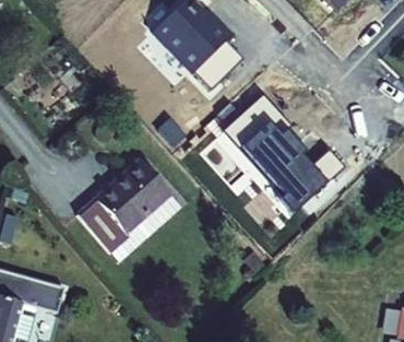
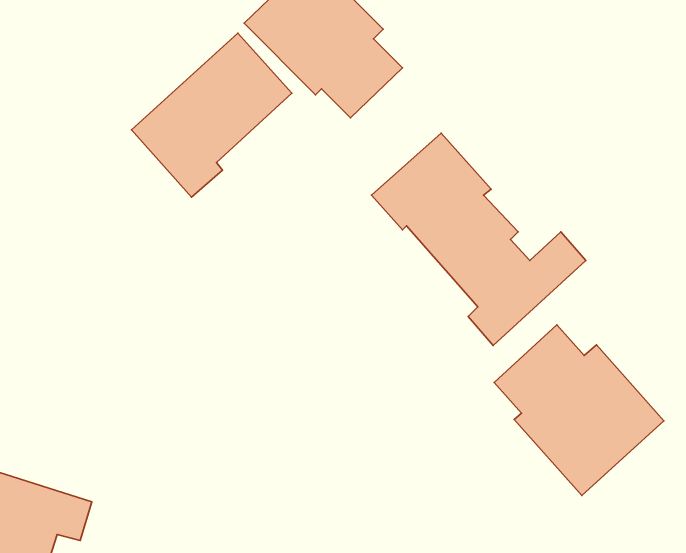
building: [74,156,165,249] -> [132,33,292,197]
building: none -> [494,325,664,496]

